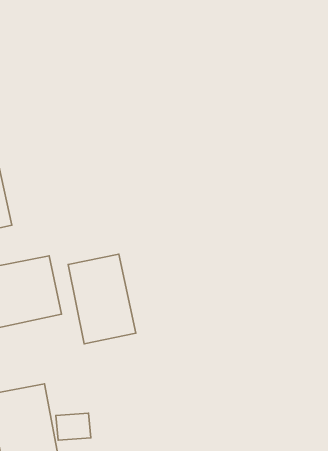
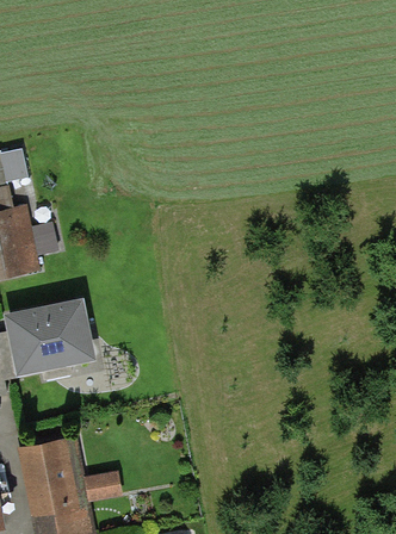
building: [68,254,136,344] -> none

